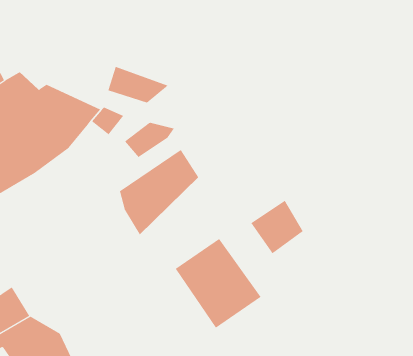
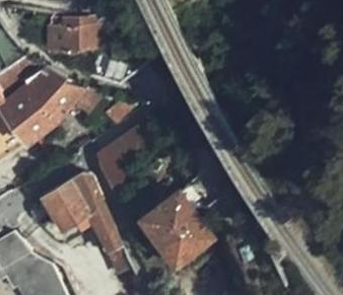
building: none -> [47,17,108,51]
building: [251,200,303,254] -> none
building: none -> [40,176,121,253]

